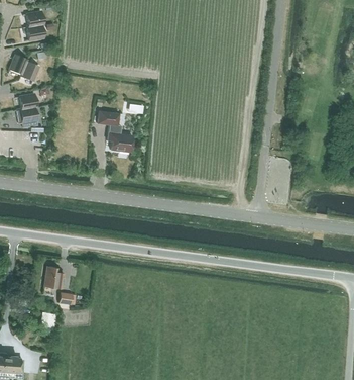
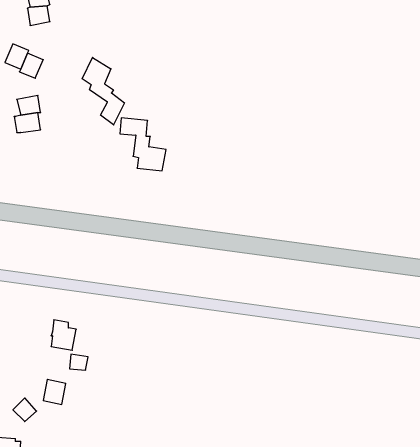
building: none -> [82,57,124,125]

